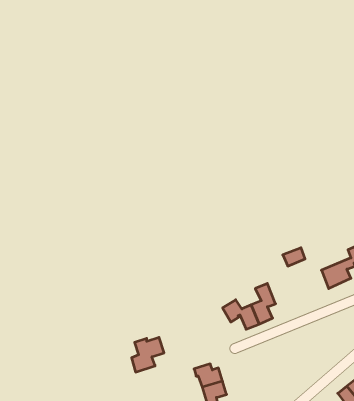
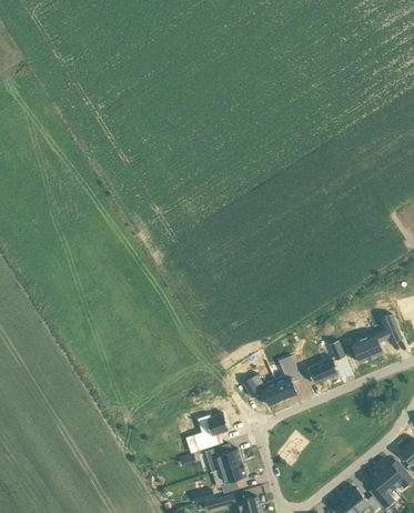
building: none -> [306,340,344,384]
building: [132,337,164,372] -> [193,413,229,451]

